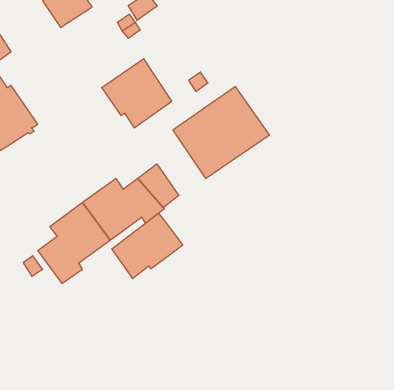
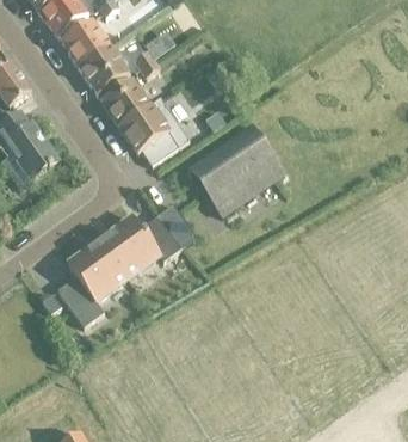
building: none -> [78,47,126,93]
building: none -> [100,79,149,127]
building: [112,213,183,278] -> none

